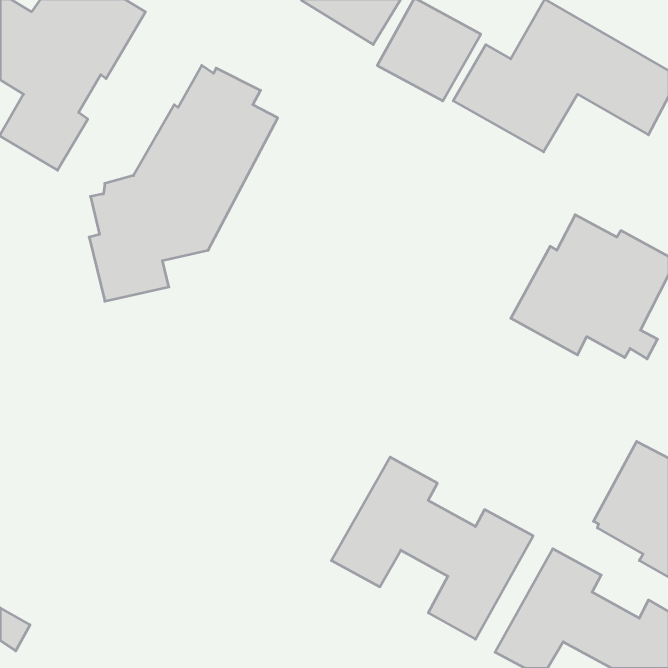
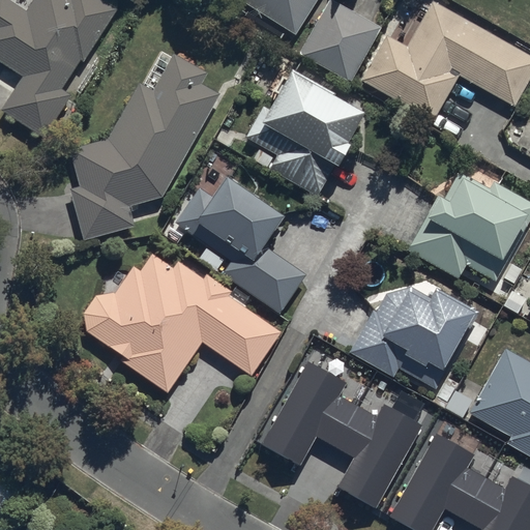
building: none -> [244,69,364,198]
building: none -> [174,167,307,314]
building: none -> [84,254,282,392]
building: none -> [351,287,473,389]

